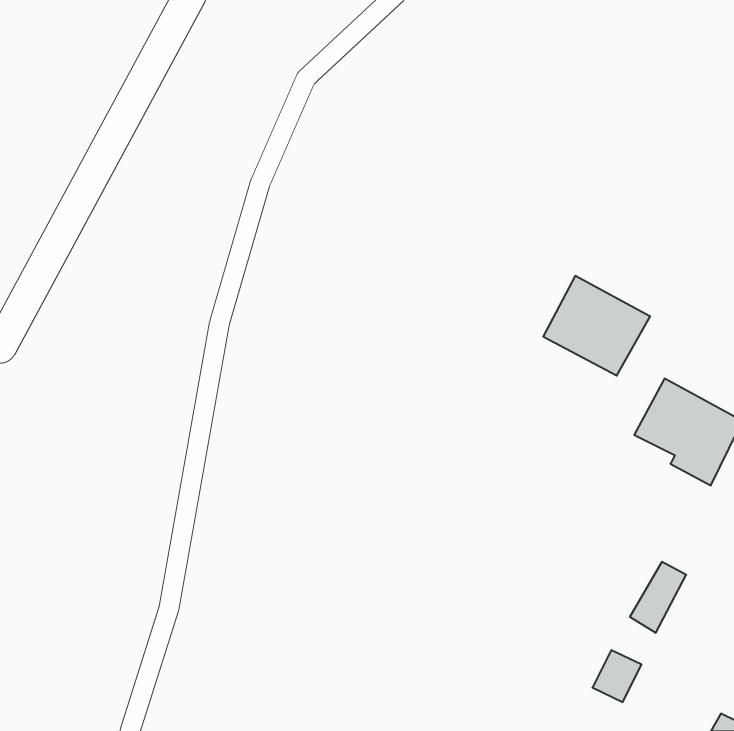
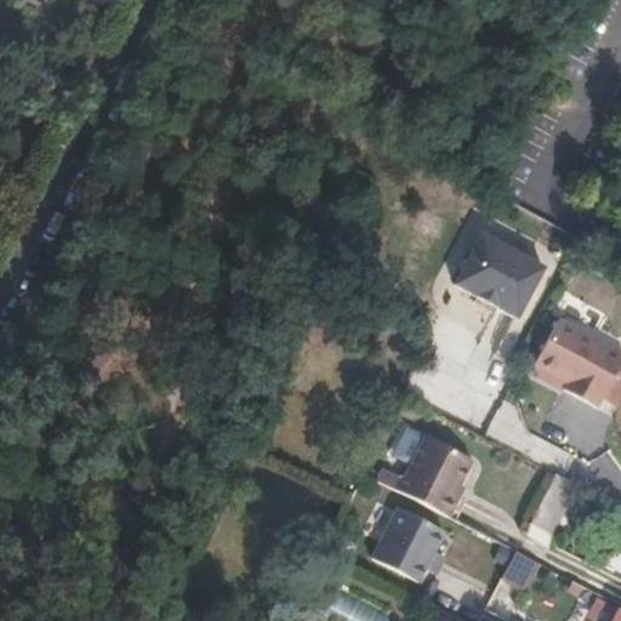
building: none -> [389,433,465,513]
building: none -> [369,506,441,580]

